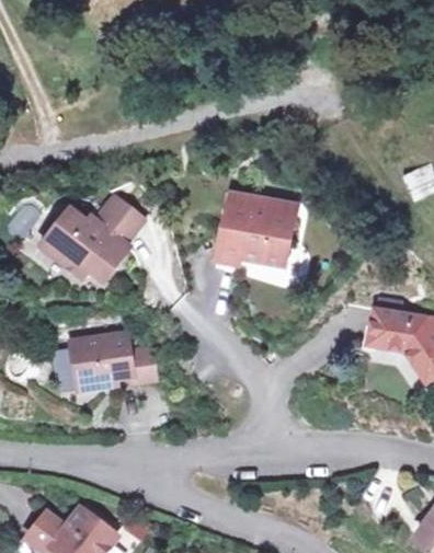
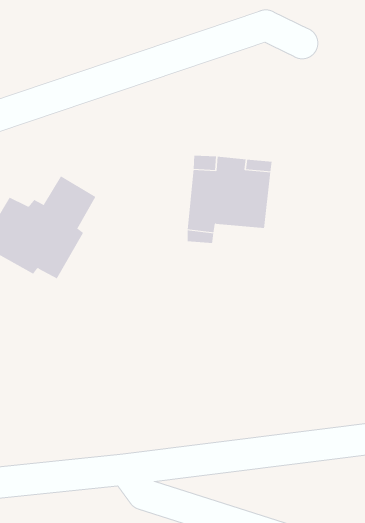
building: [68,333,153,391] -> none

